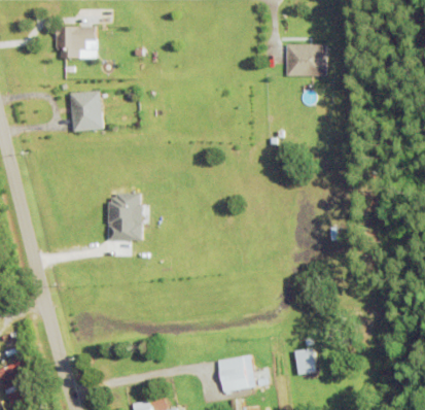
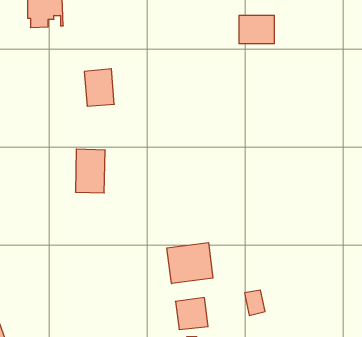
building: [69,90,102,131] -> [84,69,114,106]
building: none -> [167,243,213,284]

